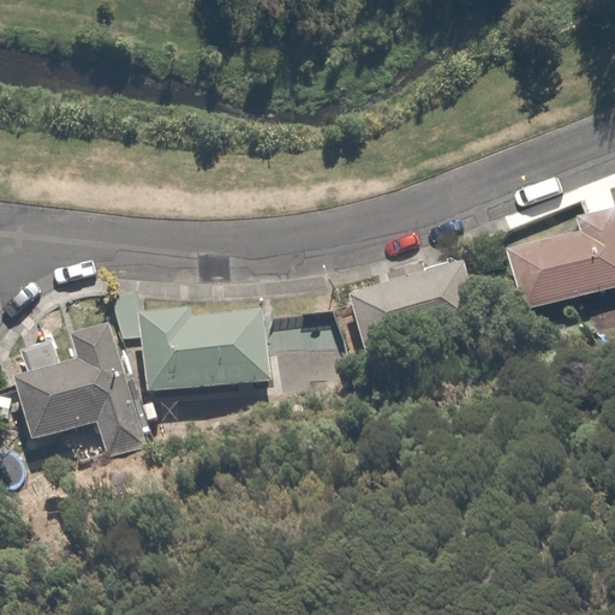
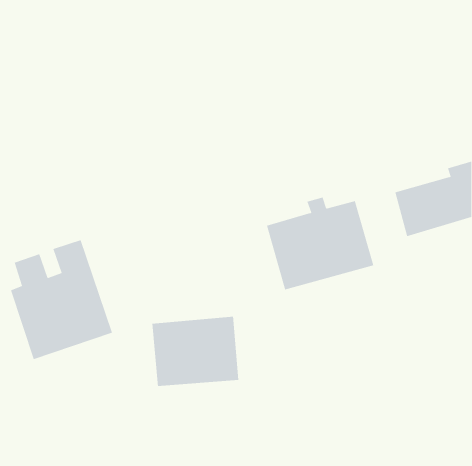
building: [139,305,253,396] -> [151,316,239,386]
building: [271,314,330,375] -> none

